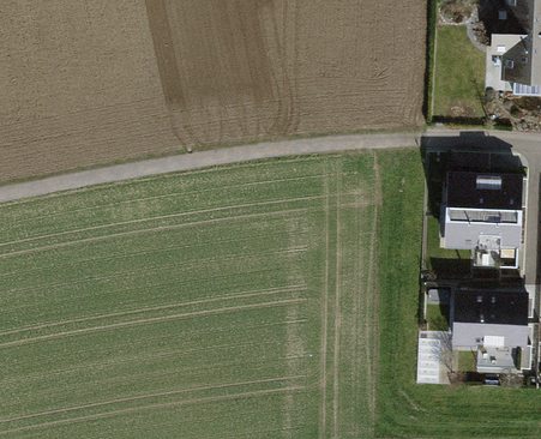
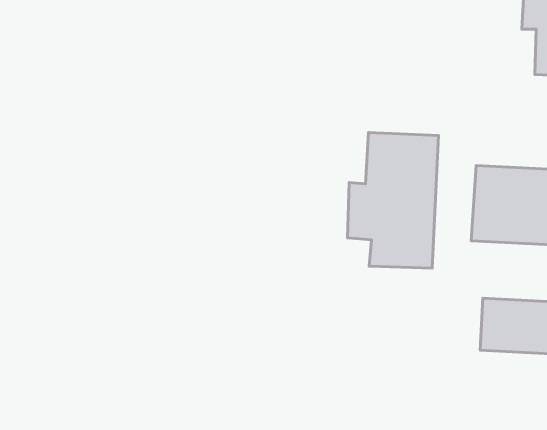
building: none -> [348,133,439,268]

